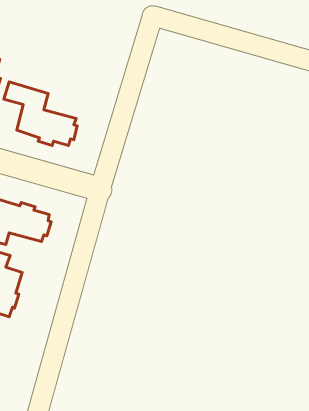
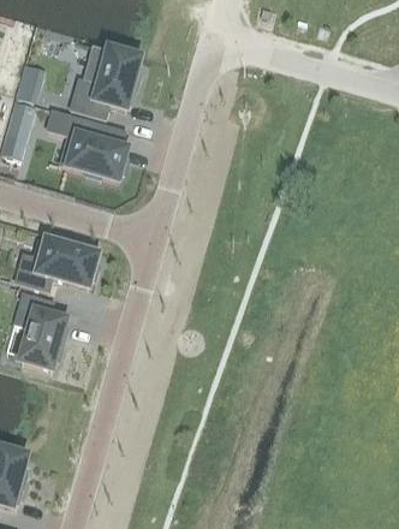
building: none -> [70,47,139,118]

